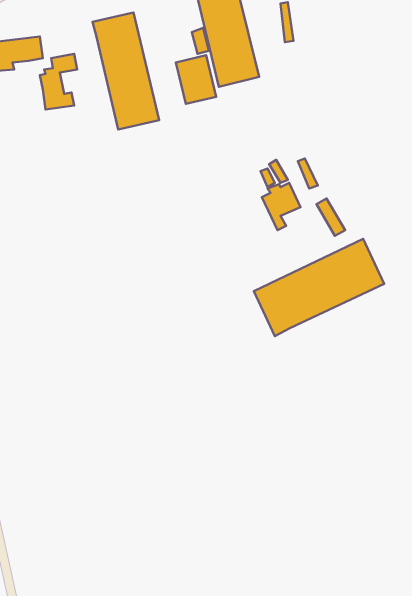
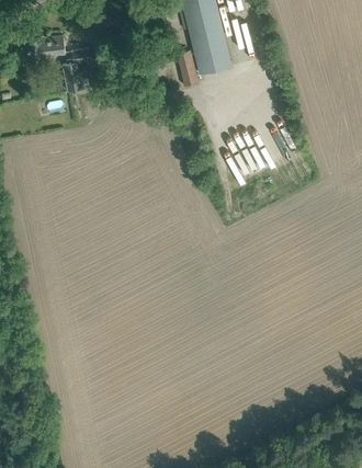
building: [92,12,159,129] -> none
building: [254,239,384,336] -> none

